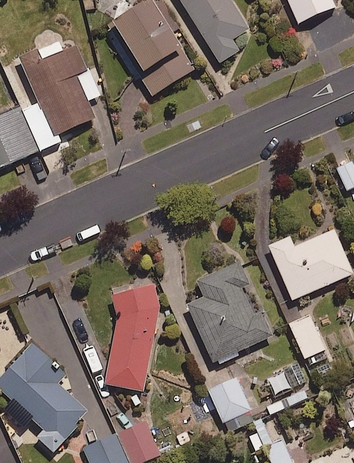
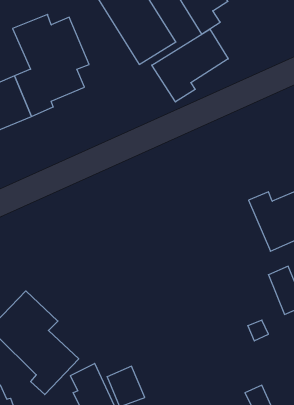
building: none -> [152,29,228,102]
building: [186,260,272,364] -> none
building: [105,282,160,389] -> none
building: [208,376,254,431] -> none

